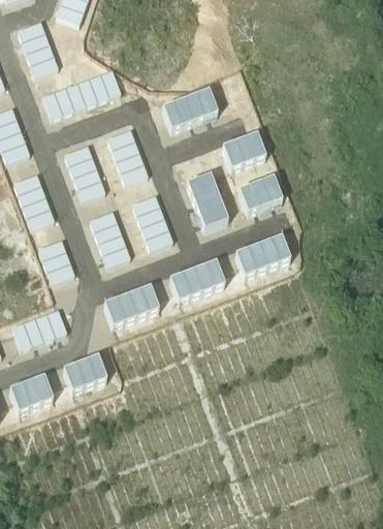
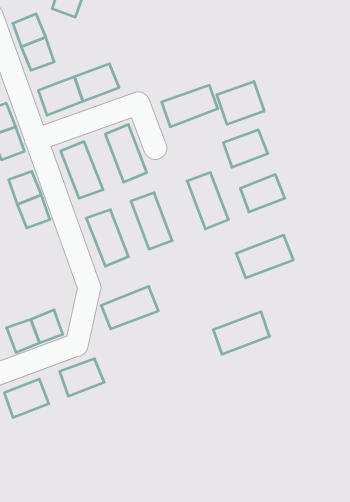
building: none -> [217,81,264,124]
building: [38,239,74,282] -> none
building: [169,260,224,302] -> [213,312,270,354]

